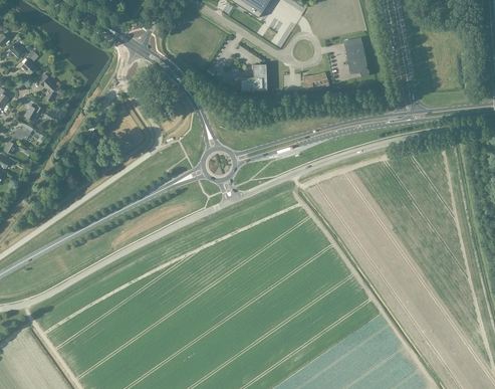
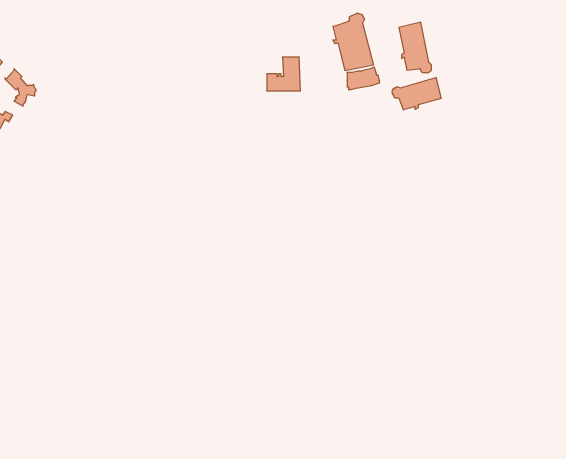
building: none -> [333,13,374,71]
building: none -> [392,77,441,110]

